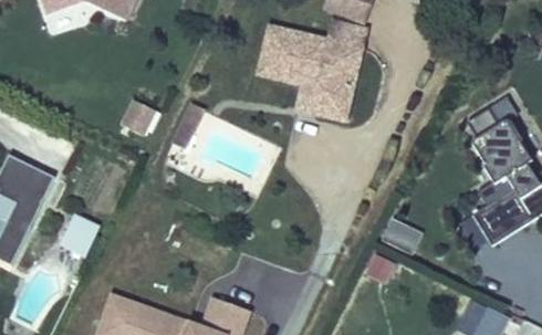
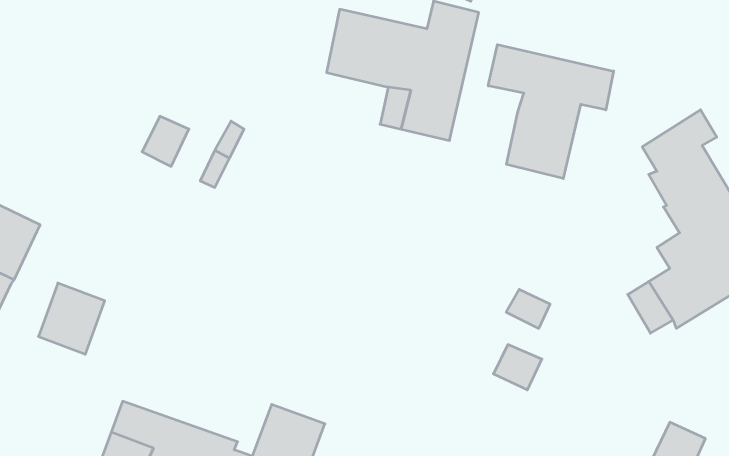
building: none -> [488,45,614,179]

